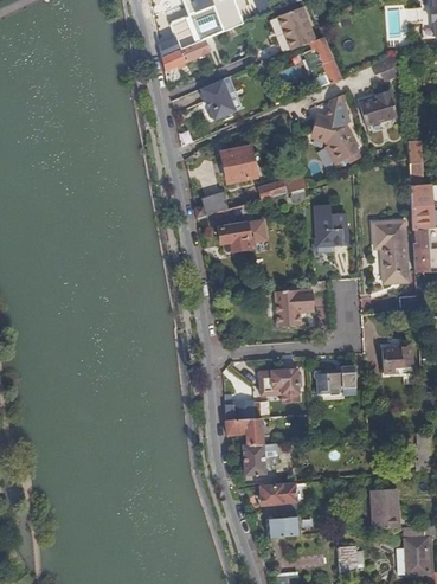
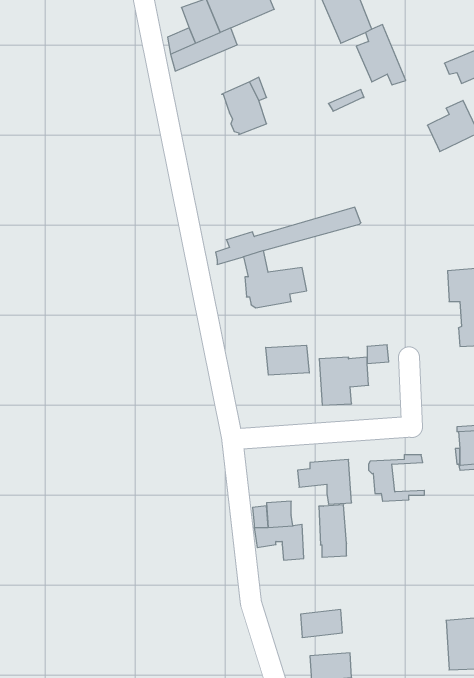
building: [311,94,362,163] -> none
building: [221,147,256,182] -> none
building: [314,204,346,245] -> none
building: none -> [266,345,309,375]
building: [330,371,355,393] -> none
building: [244,444,265,484] -> [319,505,347,557]

